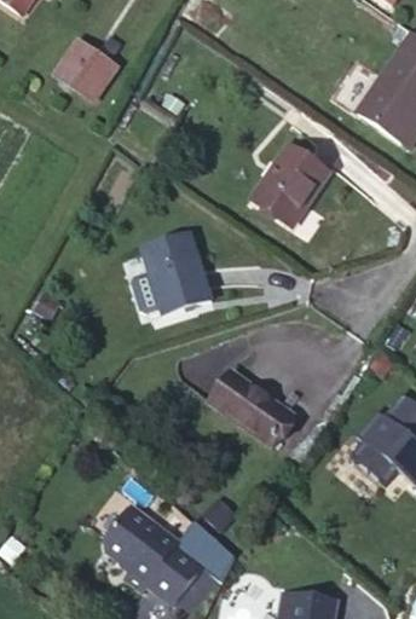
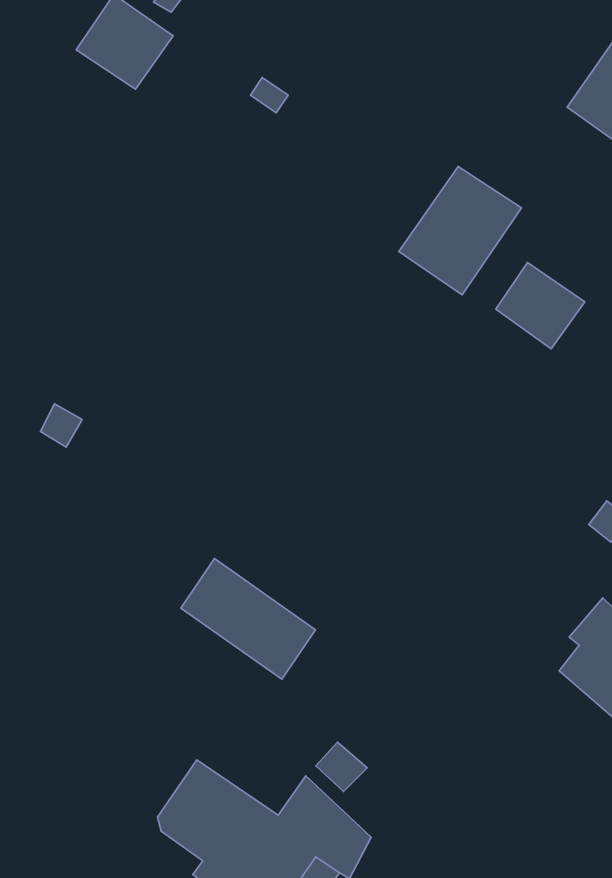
building: none -> [496,262,585,349]
building: [141,233,212,314] -> none
building: [210,371,293,445] -> [181,559,316,679]

